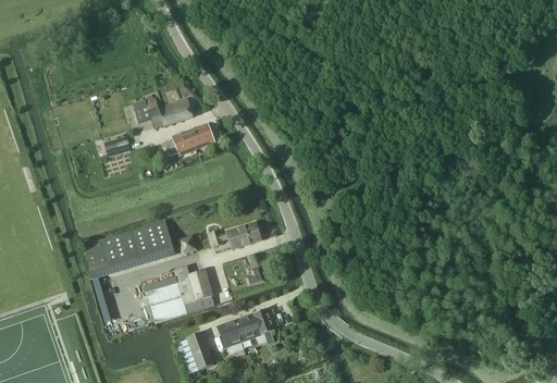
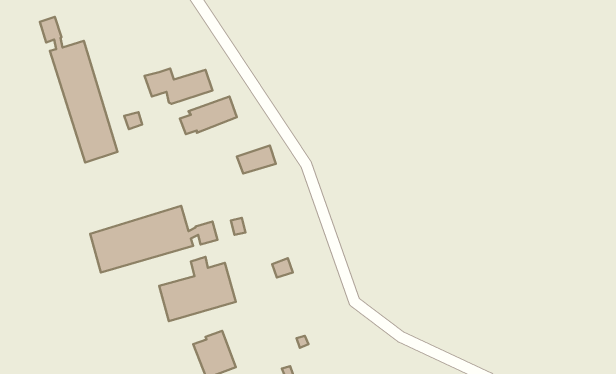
building: none -> [40,17,118,162]
building: [226,222,261,247] -> [237,146,276,174]
building: [219,307,274,346] -> none

